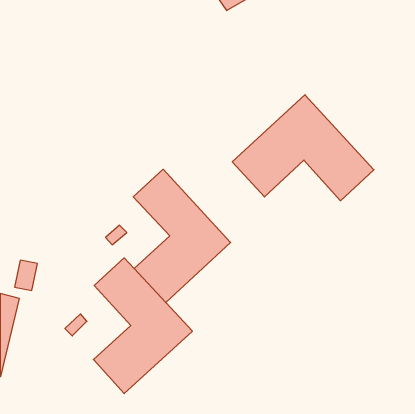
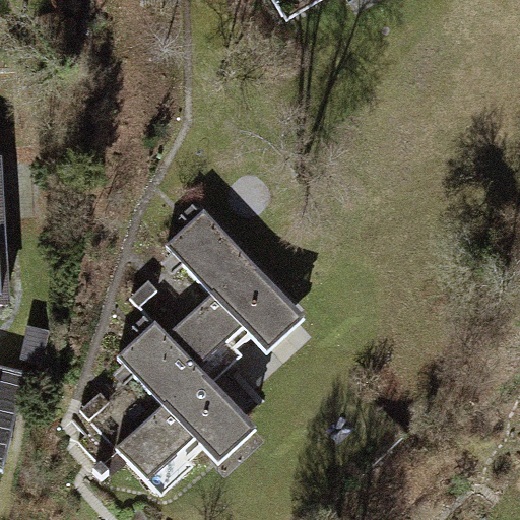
building: [232,95,374,201] -> none

